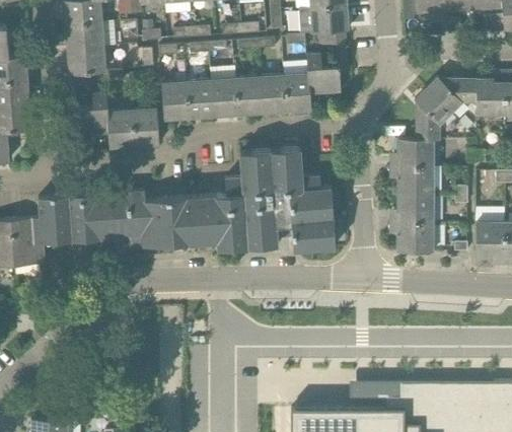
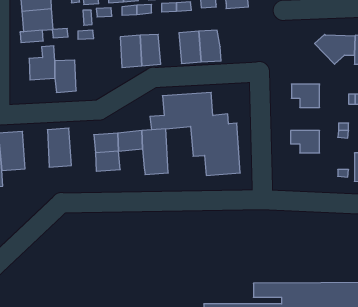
building: [305,52,341,92] -> none
building: [234,75,263,114] -> none
building: [161,80,190,119] -> none
building: [415,88,450,139] -> none
building: [132,106,159,146] -> none
building: [396,166,432,195] -> none
building: [243,190,278,246] -> none
building: [125,191,158,246] -> none
building: [68,194,100,241] -> none
building: [186,217,217,242] -> none
building: [396,222,432,250] -> none

